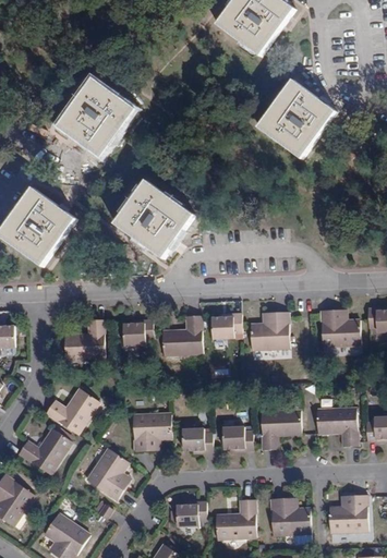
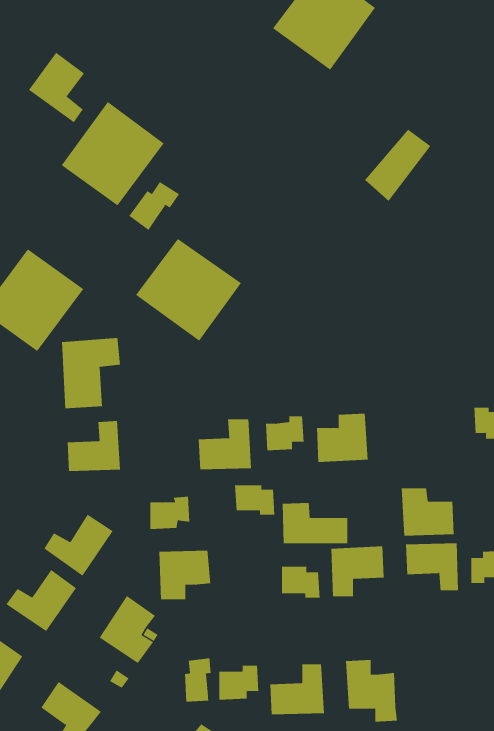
building: none -> [28,52,85,123]
building: [258,81,318,158] -> none
building: none -> [128,181,180,231]
building: none -> [62,337,120,409]
building: [319,308,360,344] -> [401,488,455,536]
building: [122,319,153,344] -> [149,496,190,530]
building: none -> [282,502,348,544]
building: [181,428,211,451] -> [234,485,275,515]
building: [328,493,367,530] -> none
building: none -> [185,658,211,702]

